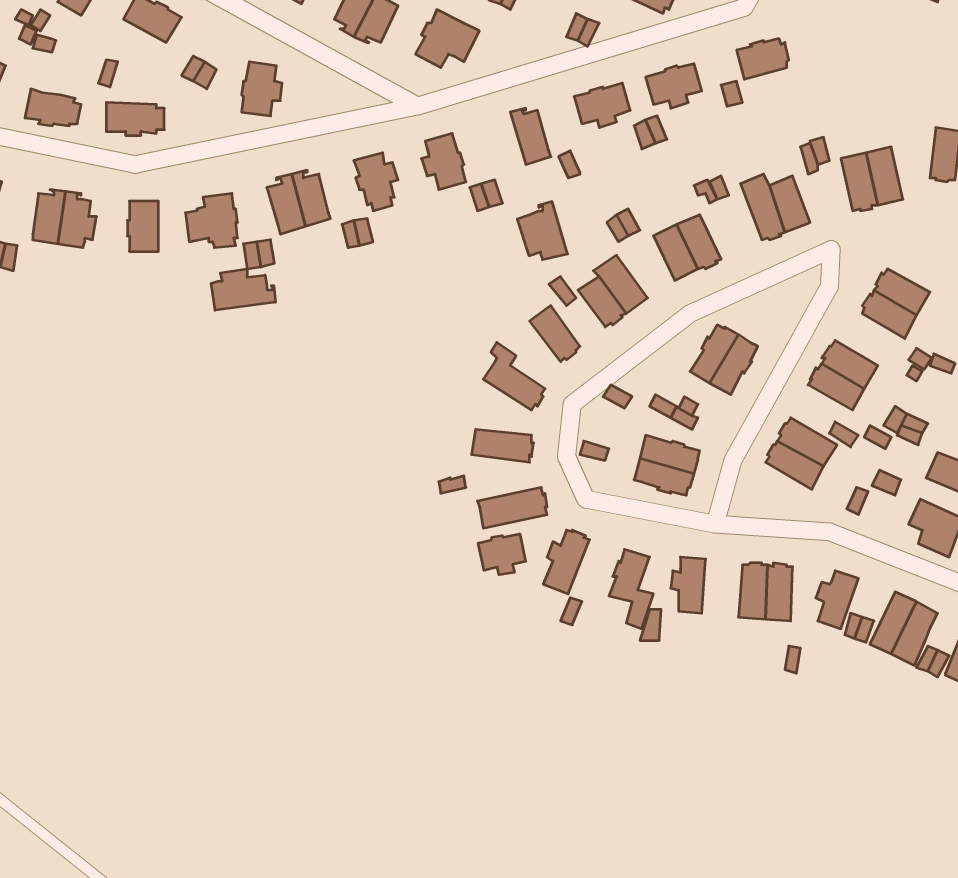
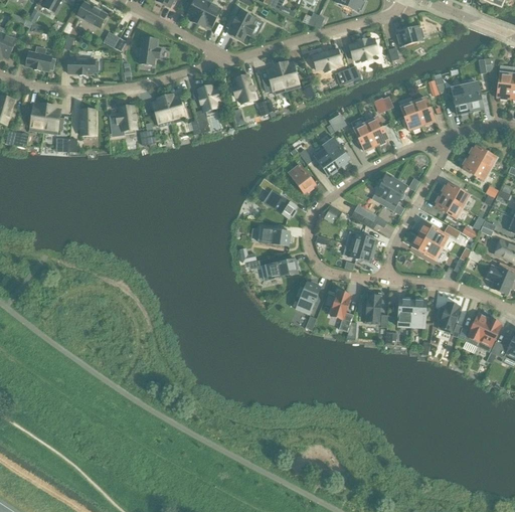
building: [517,202,568,260] -> [261,62,287,93]
building: [211,269,275,310] -> none
building: [478,534,526,575] -> none

